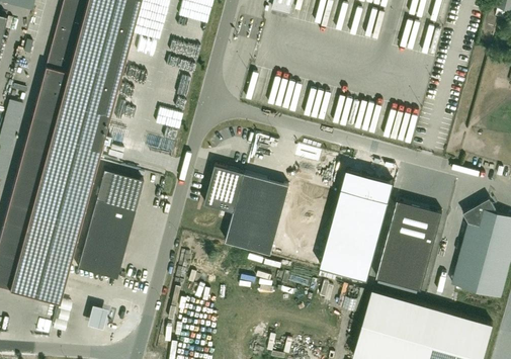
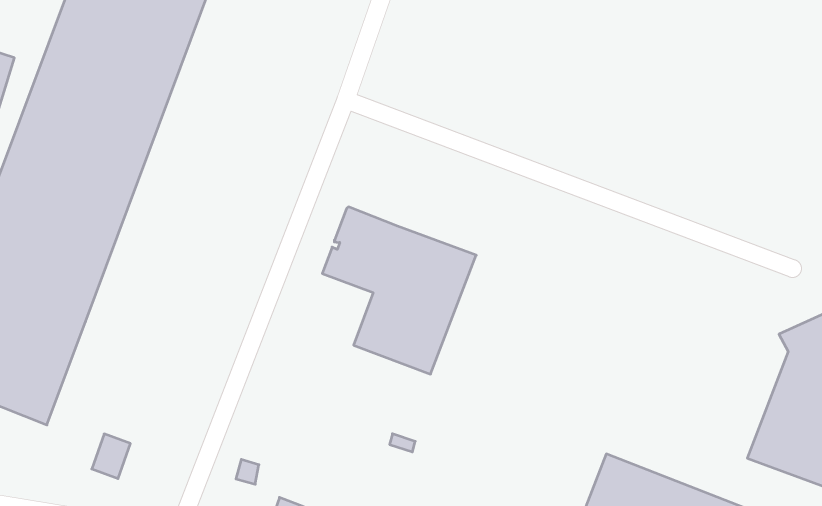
building: [77,170,143,279] -> none
building: [319,171,394,281] -> none
building: [376,201,442,291] -> none

